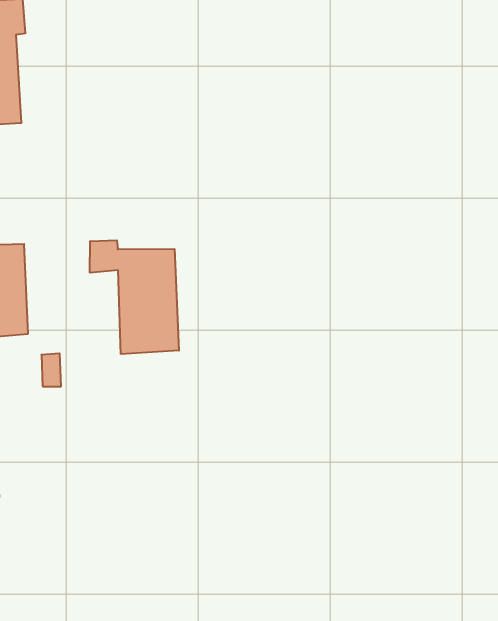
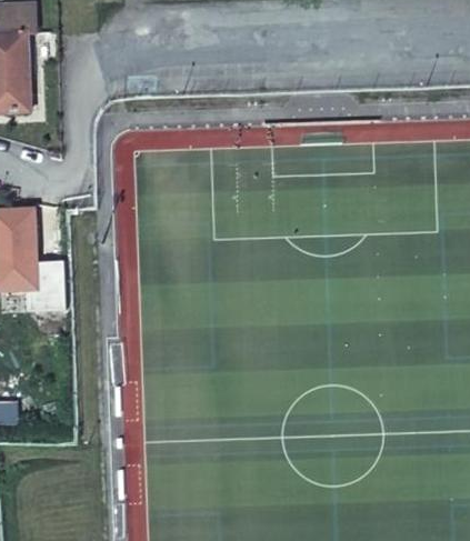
building: [90,240,179,354] -> none

